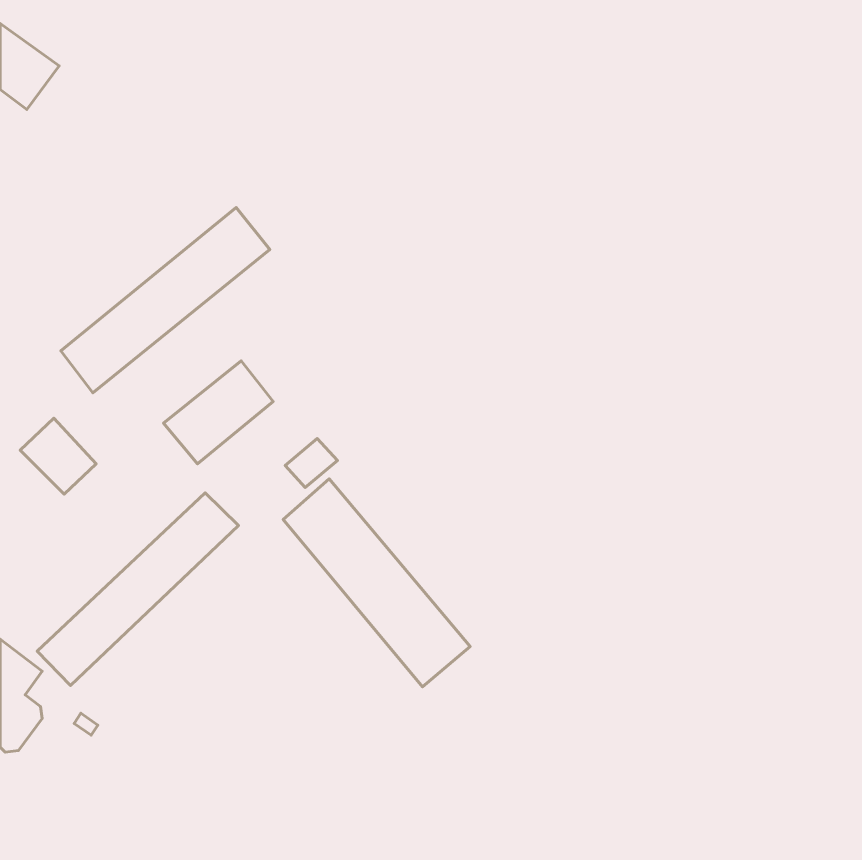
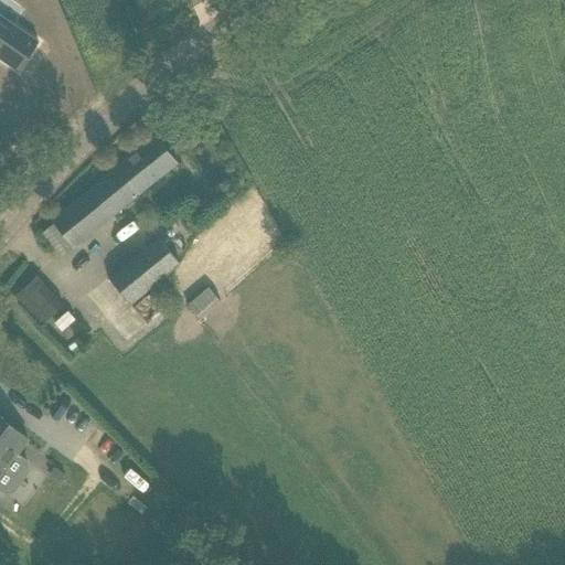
building: [283,479,470,687] -> none
building: [37,493,239,685] -> none

